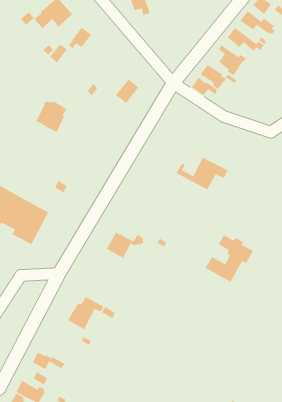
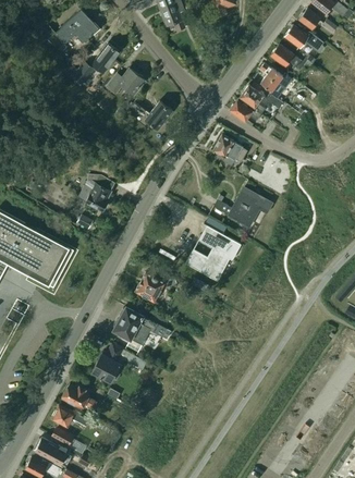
building: none -> [107,69,145,95]
building: [35,101,67,133] -> [78,175,114,211]
building: none -> [213,135,248,166]
building: [204,233,254,283] -> [185,224,241,280]
building: none -> [113,308,171,344]
building: none -> [62,384,95,413]

